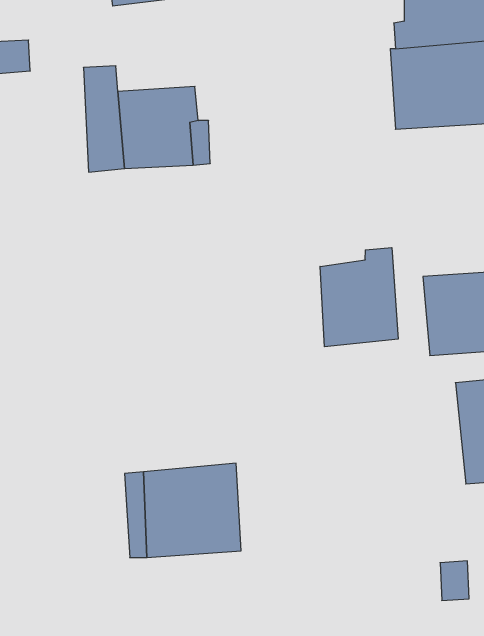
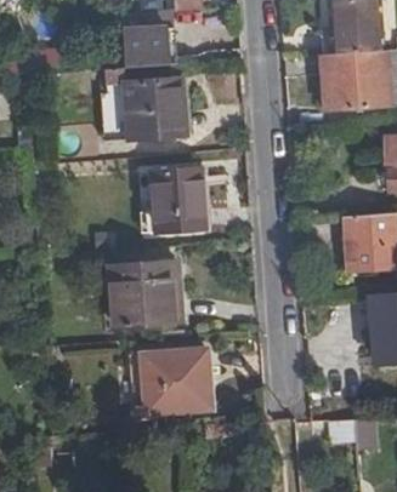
building: none -> [131,33,175,65]
building: none -> [138,171,202,234]
building: [320,248,398,347] -> none
building: none -> [112,259,183,326]

